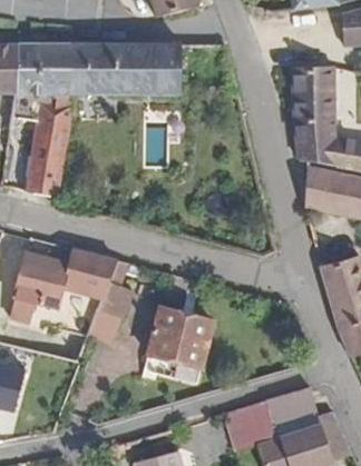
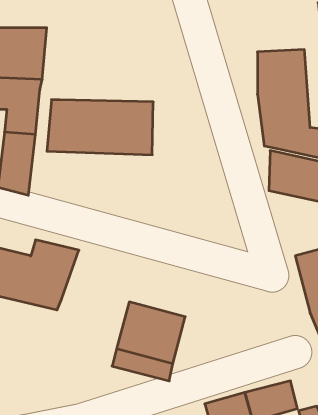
building: [77,42,181,96] -> [47,100,153,155]
building: [96,258,128,315] -> none

